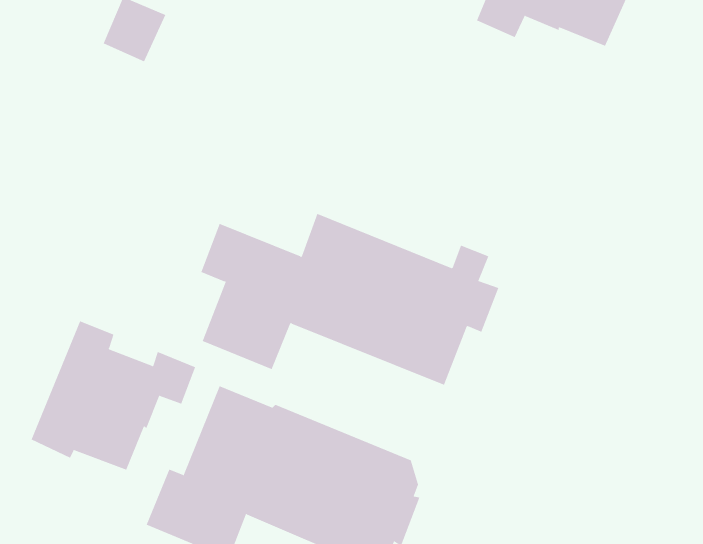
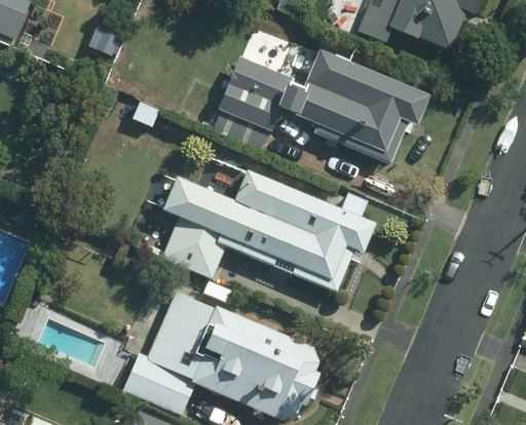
building: none -> [213,47,427,162]
building: [31,320,196,470] -> none

